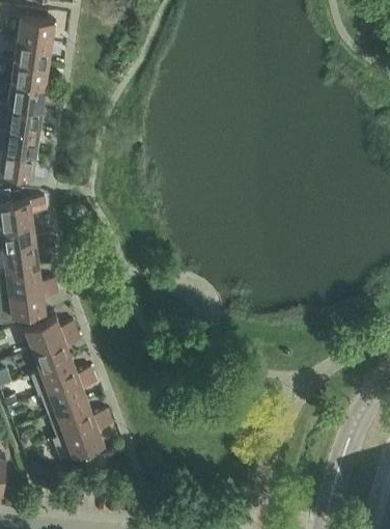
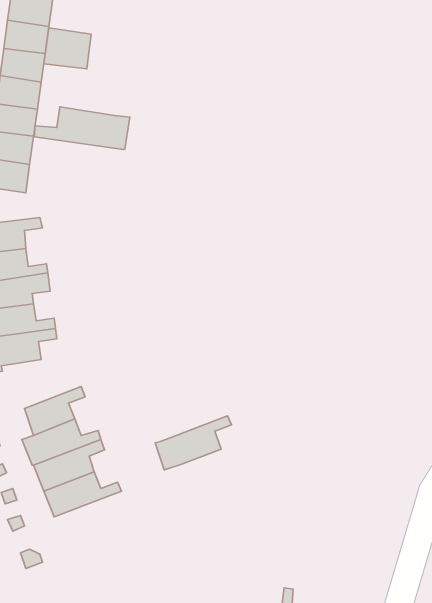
building: none -> [44,28,91,69]
building: none -> [34,107,130,149]
building: [23,316,77,351] -> none
building: [51,417,112,461] -> [155,416,231,470]

